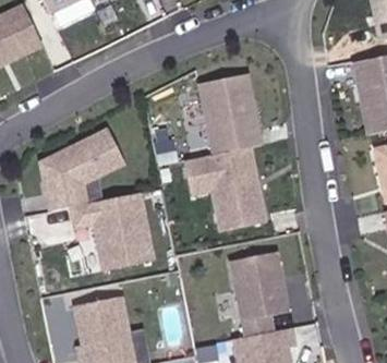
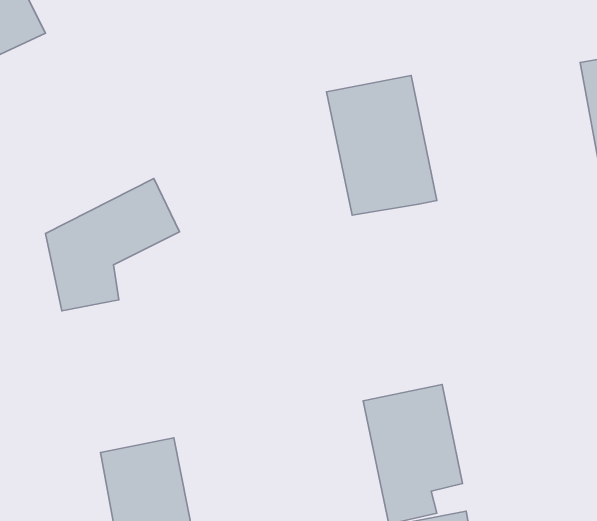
building: [192,146,275,229] -> none
building: [69,193,150,269] -> none

